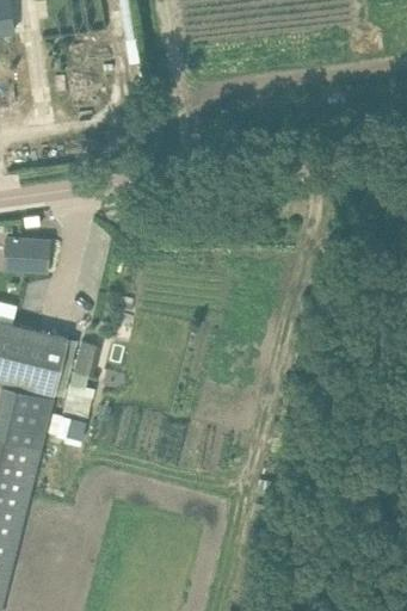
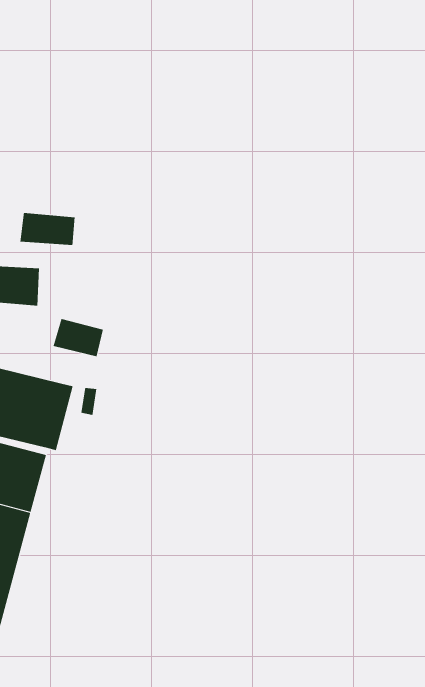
building: none -> [20,212,75,246]
building: none -> [53,318,104,357]

